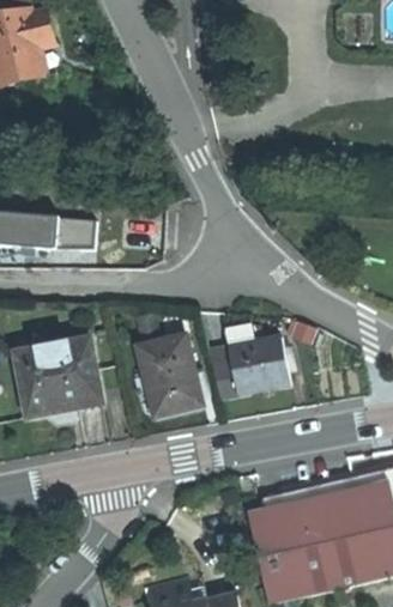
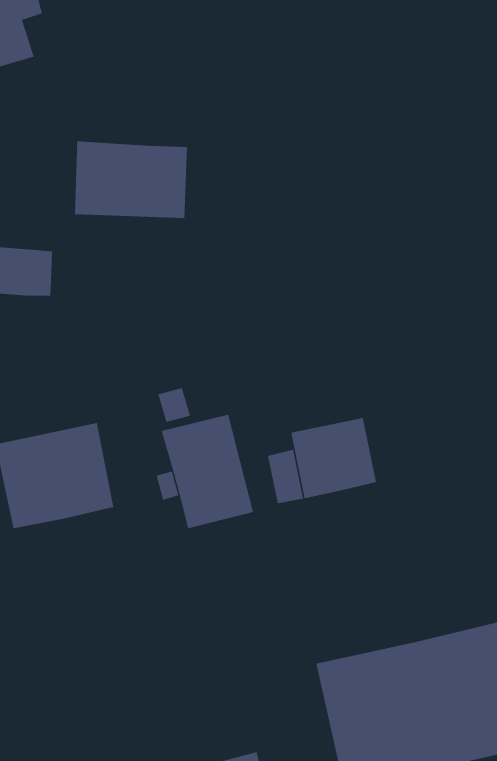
building: none -> [75,140,187,219]
building: [56,216,95,248] -> none

